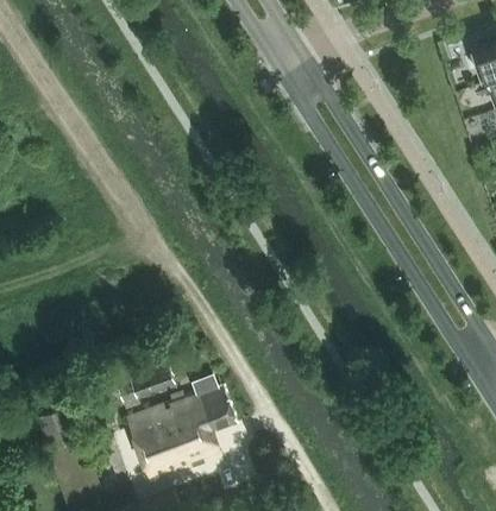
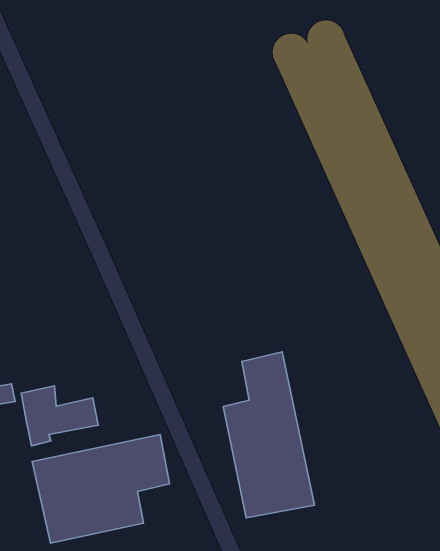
building: none -> [223,352,314,518]

